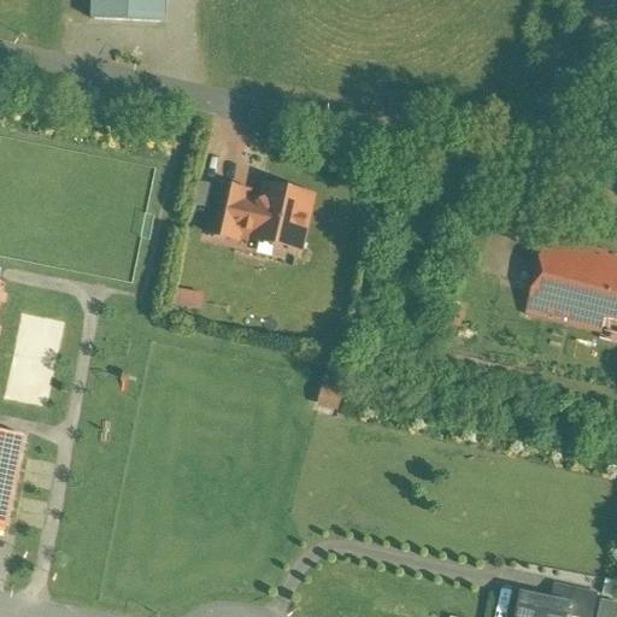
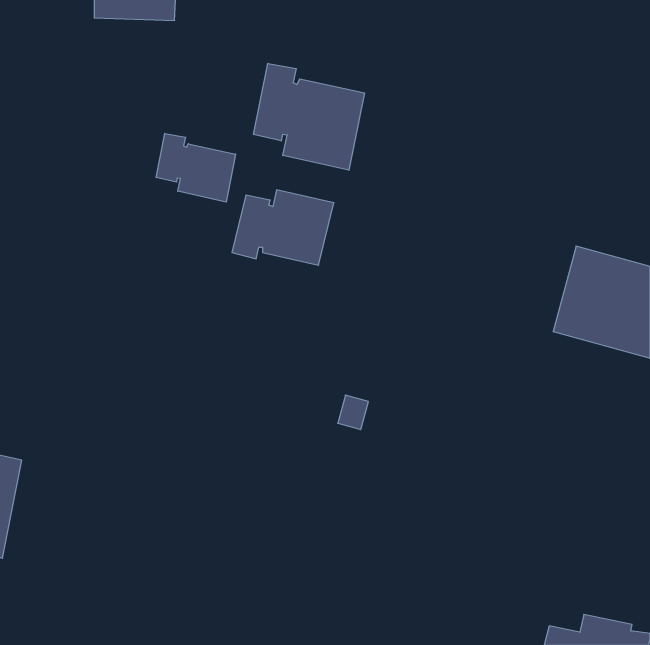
building: none -> [254,63,364,170]
building: none -> [156,133,236,202]

